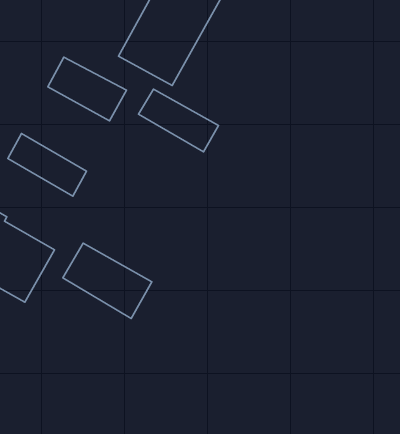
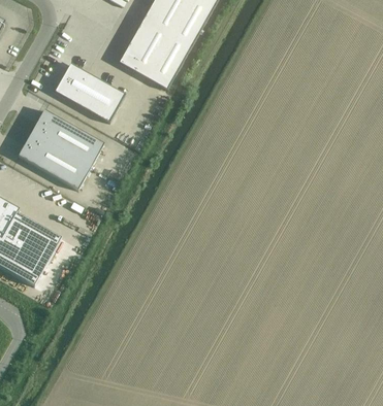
building: [139,89,218,152] -> [30,108,102,165]
building: [63,243,152,319] -> none

